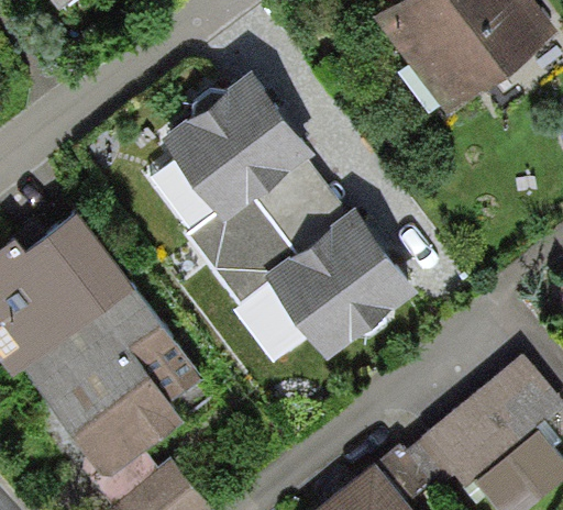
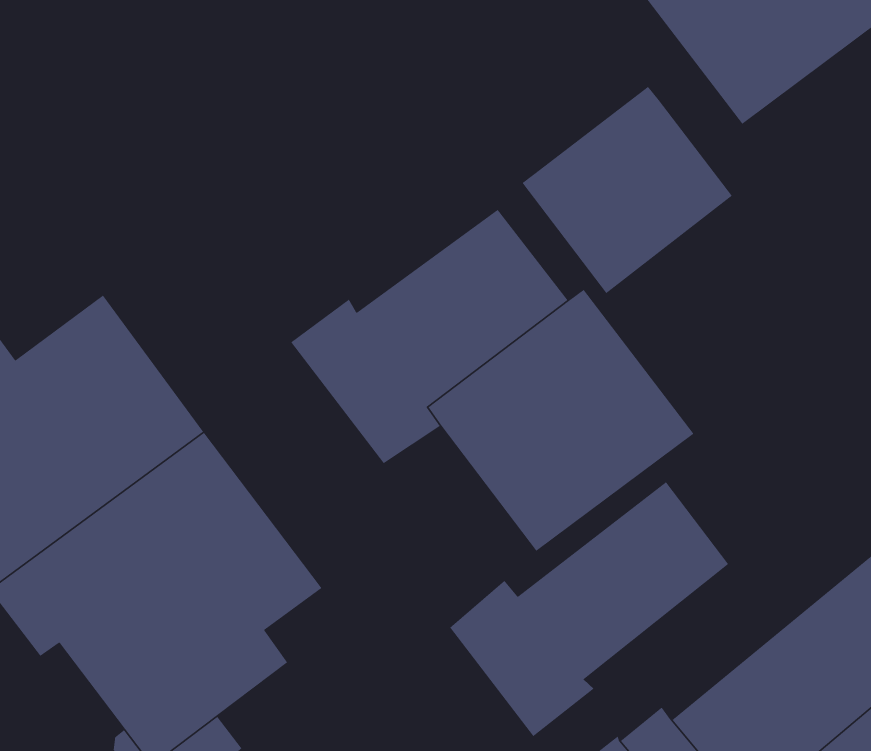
building: [159,68,313,221] -> none
building: none -> [522,86,733,294]
building: none -> [449,481,729,737]

